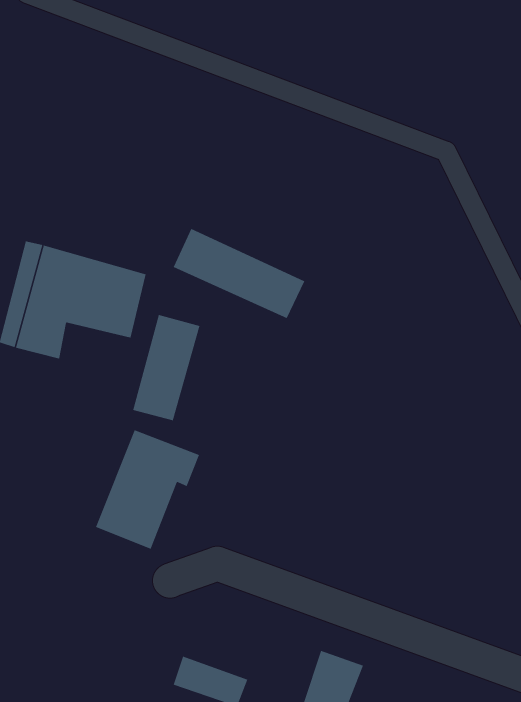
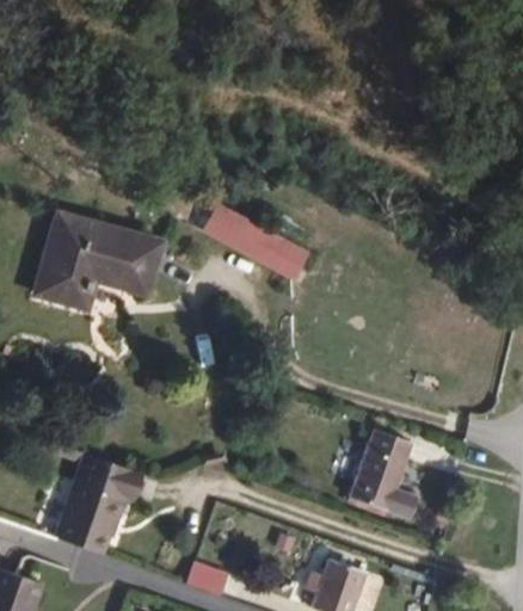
building: [132,314,200,421] -> none
building: [95,430,200,549] -> [61,456,150,558]
building: none -> [339,432,406,521]

